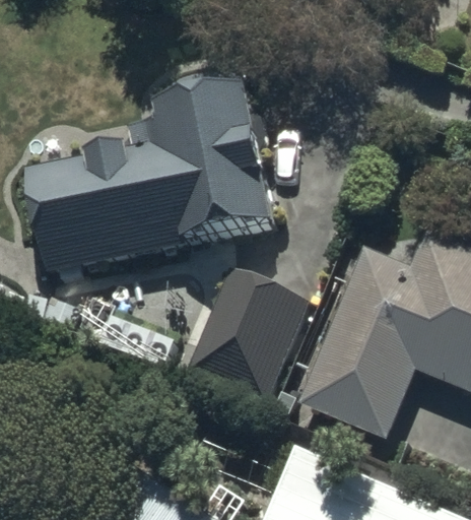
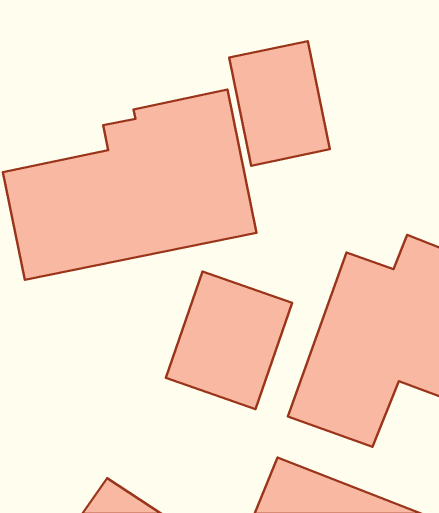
building: none -> [229,41,330,166]

